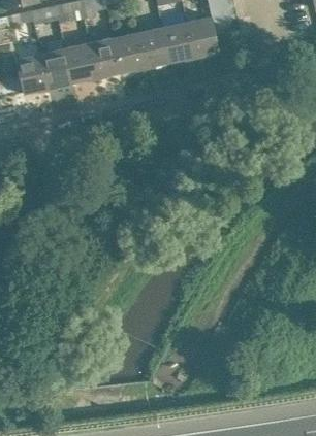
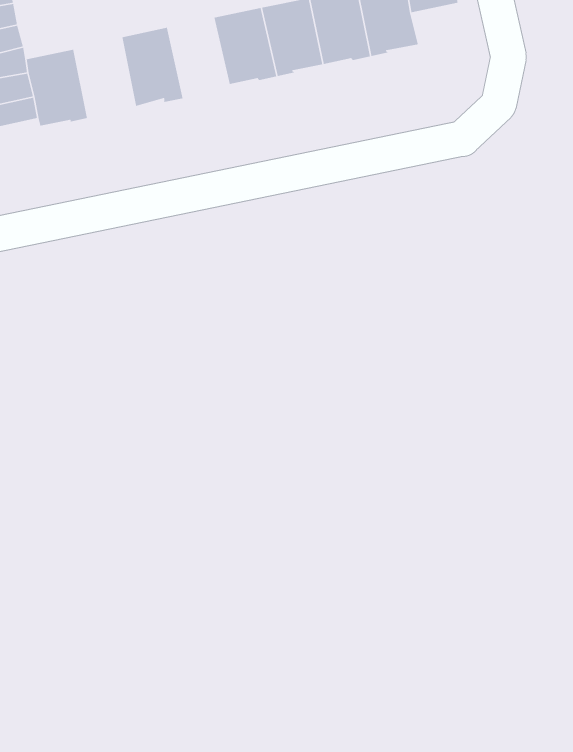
building: [89,37,121,79] -> none
building: [40,47,72,90] -> none

